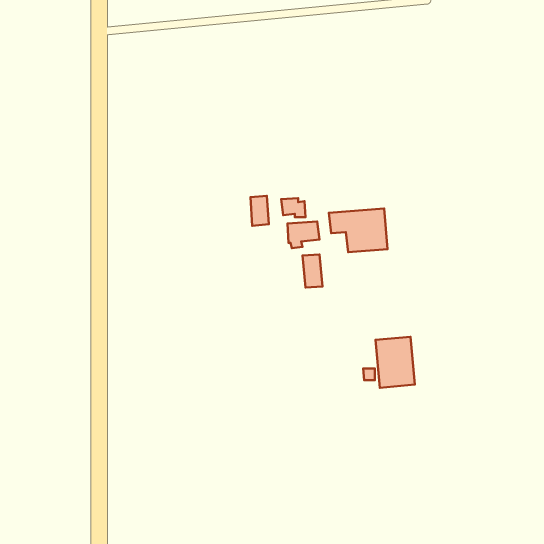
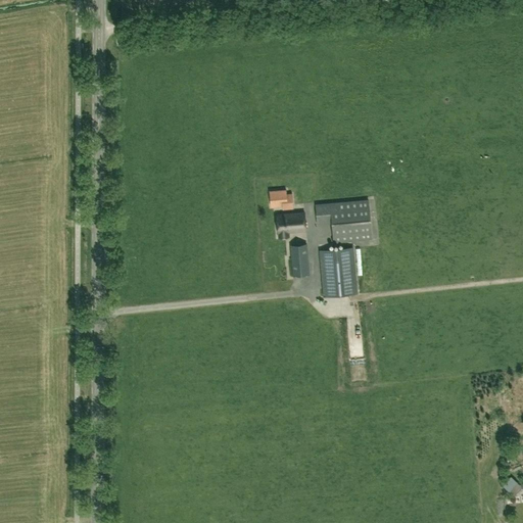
building: [250,196,269,226] -> none
building: [375,337,415,388] -> [320,247,358,296]

